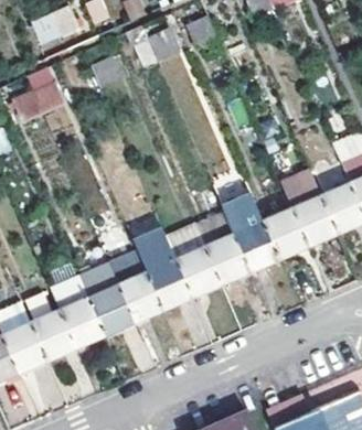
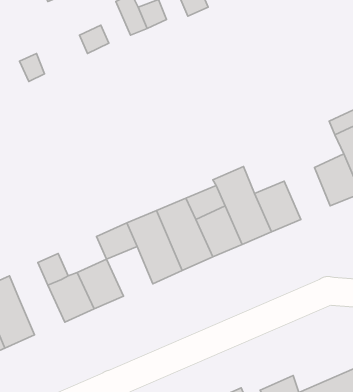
building: [281,175,336,246] -> none
building: [117,272,162,321] -> none
building: [31,310,76,358] -> none

